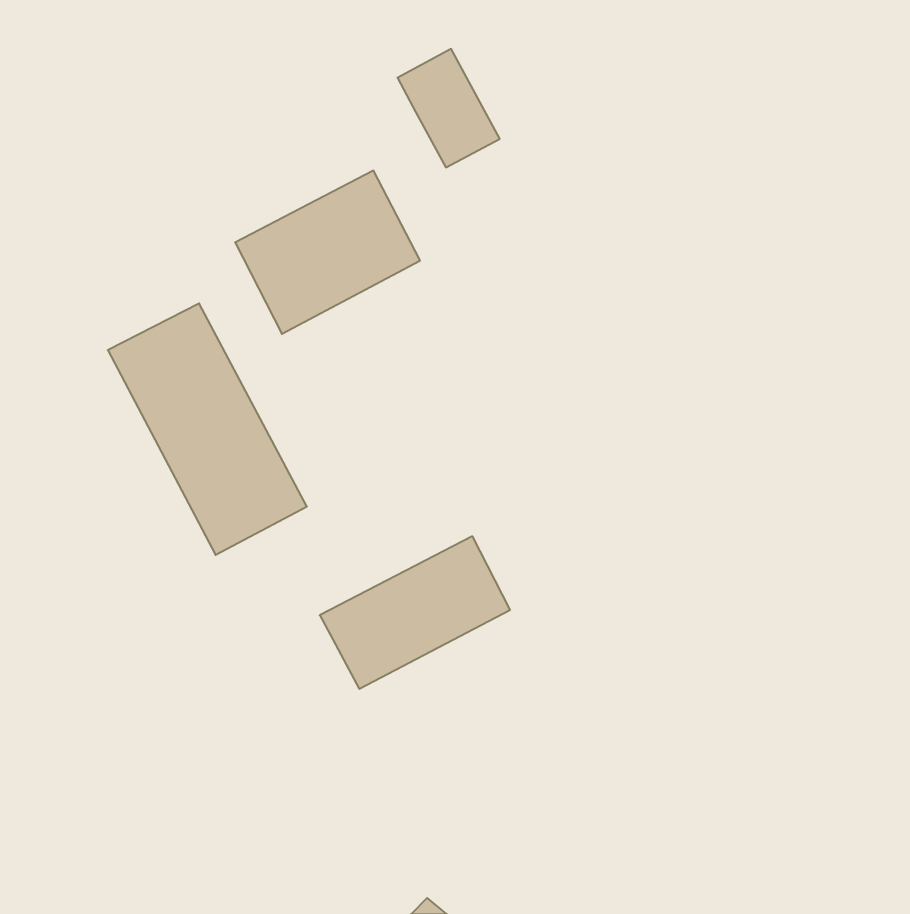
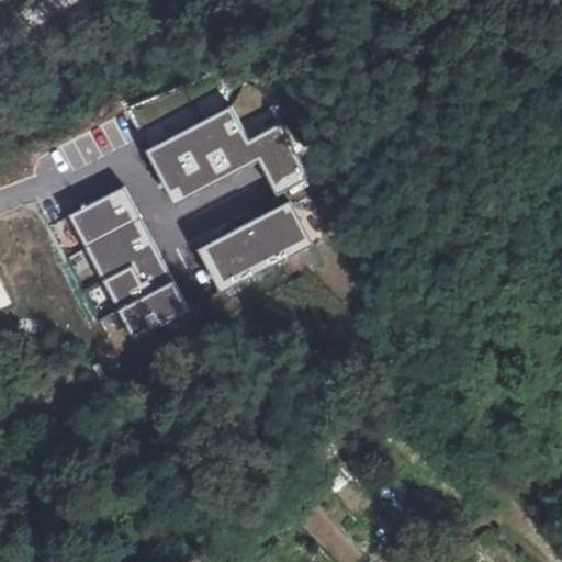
building: [397,49,500,167] -> [246,121,308,193]
building: [320,536,510,689] -> [195,200,312,293]

